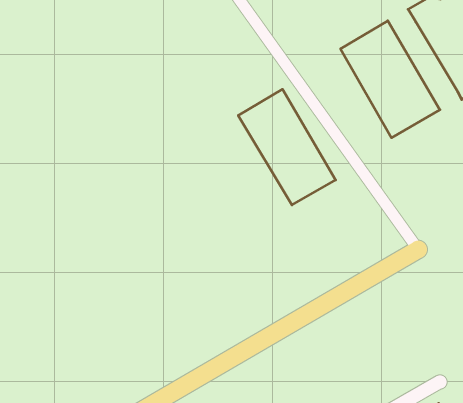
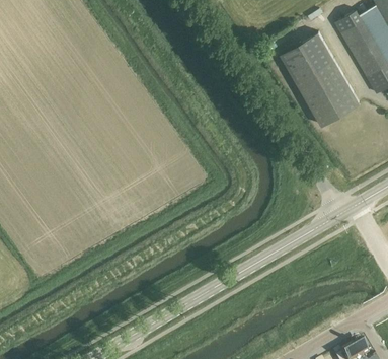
building: [238,89,336,205] -> none

